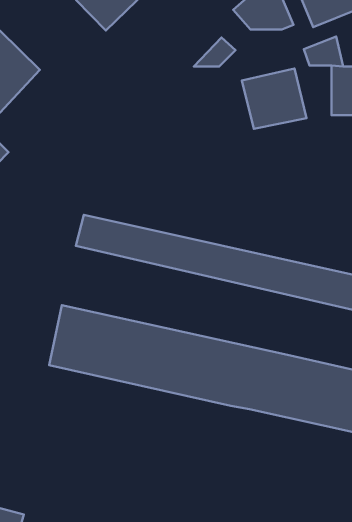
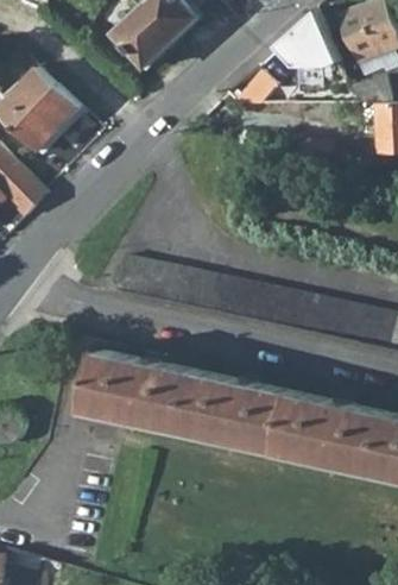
building: [242,68,307,129] -> none

